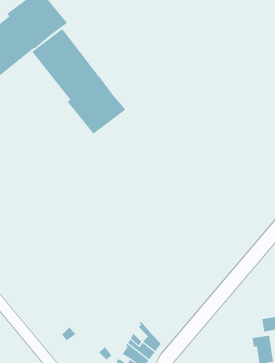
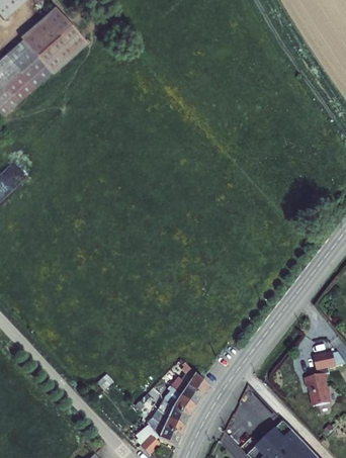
building: [31,28,126,134] -> none

